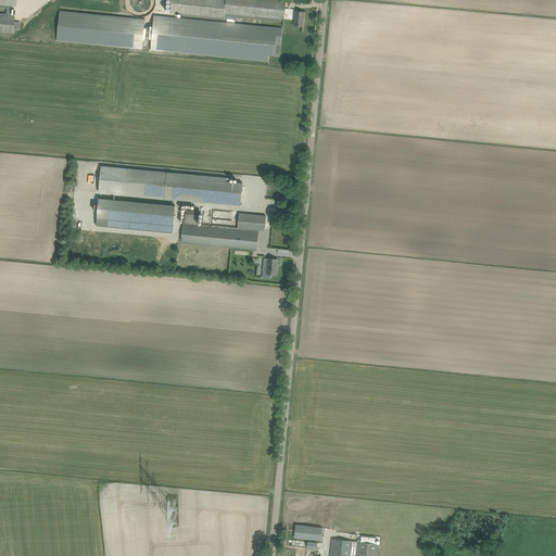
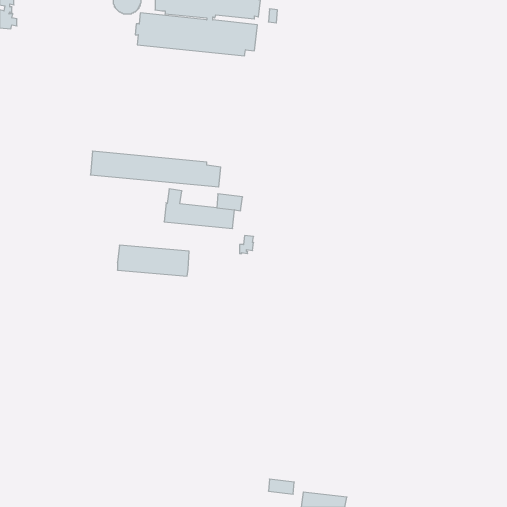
building: [55,10,146,48] -> none
building: [96,198,174,231] -> [117,245,189,276]

